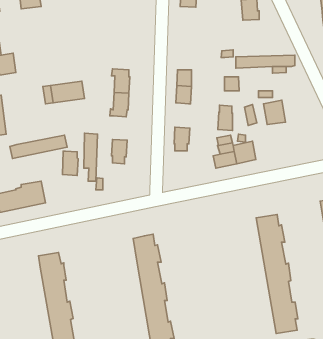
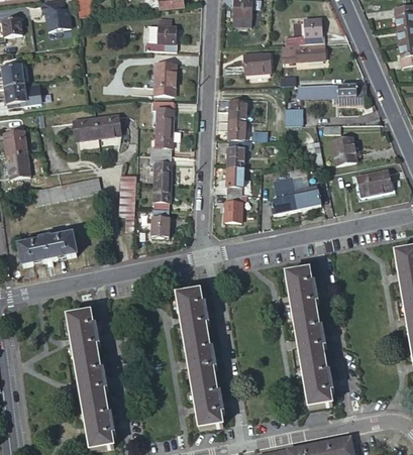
building: none -> [157,25,177,51]
building: none -> [281,42,325,61]
building: none -> [248,54,275,75]
building: none -> [153,63,176,96]
building: [218,105,233,130] -> [226,139,243,168]
building: none -> [153,154,172,183]
building: none -> [354,163,390,193]
building: none -> [223,195,241,222]
building: [62,151,78,175] -> [150,209,169,237]
building: [256,214,298,334] -> [286,270,334,409]

